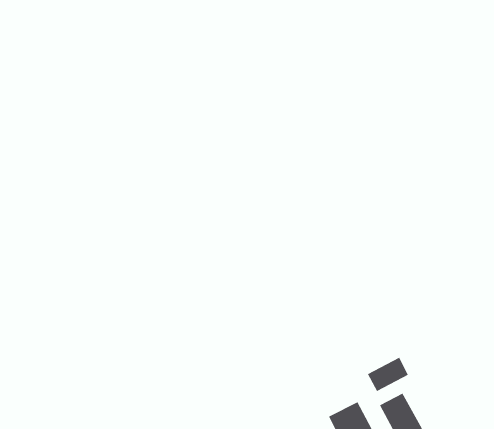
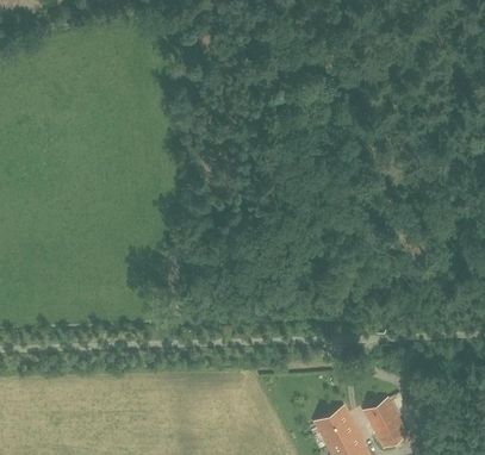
building: [367,357,408,392] -> none

